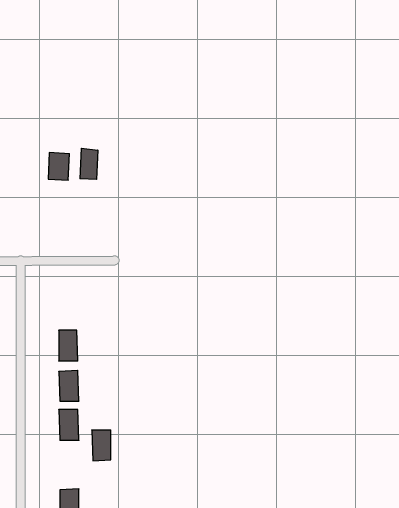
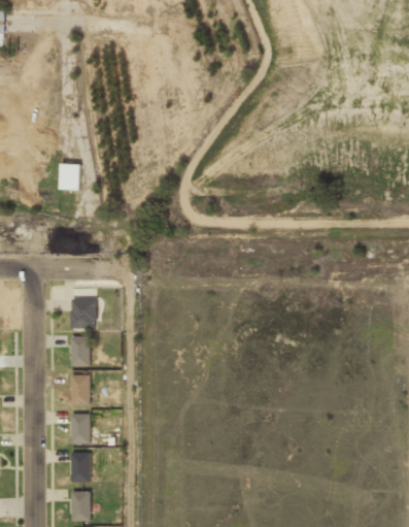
building: [80,148,98,179] -> none
building: none -> [71,299,97,329]
building: [92,430,111,461] -> [70,453,89,483]

